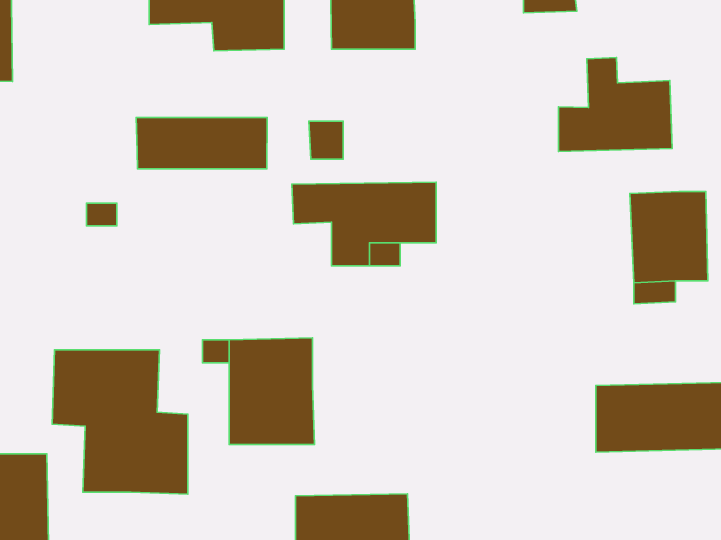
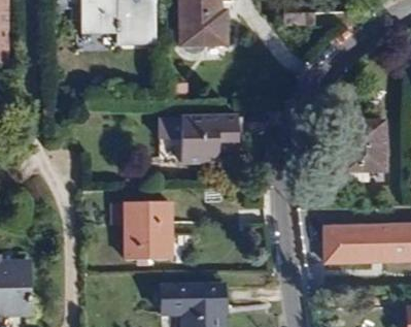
building: [558,57,672,151] -> none
building: [136,117,267,169] -> none
building: [52,350,188,494] -> none

